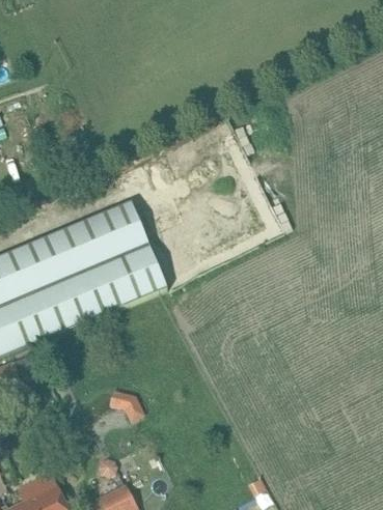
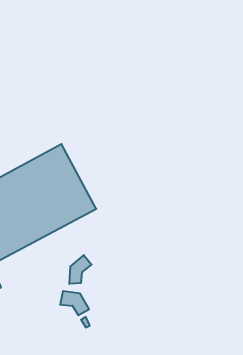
building: none -> [69,255,92,284]

